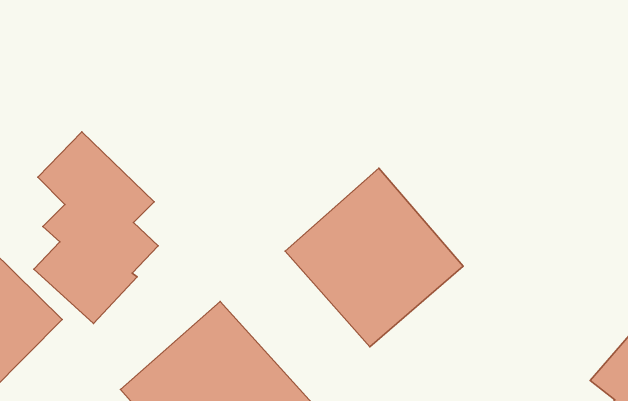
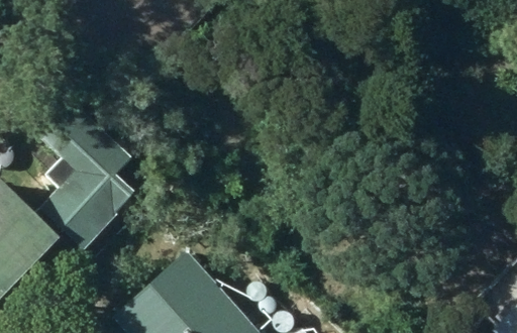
building: [285,168,463,347] -> none

